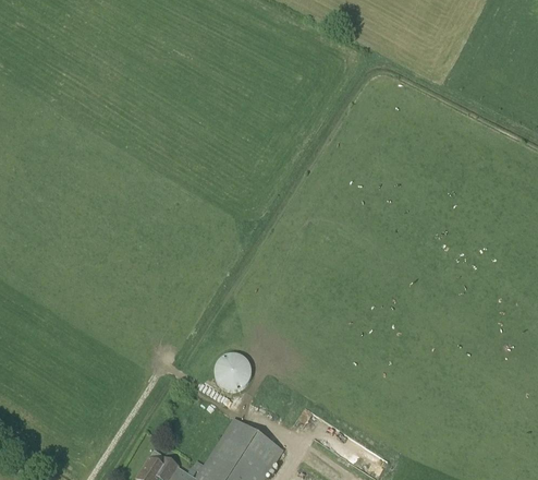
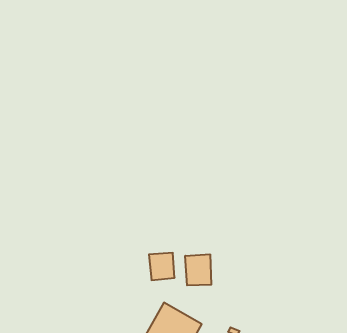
building: none -> [185,254,211,285]

